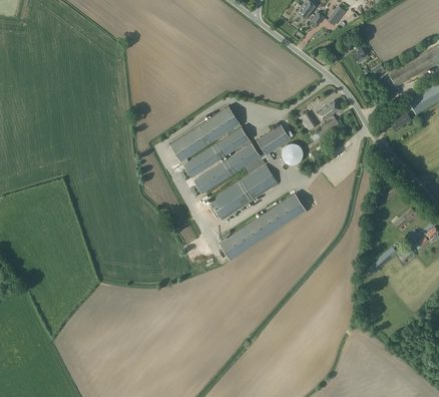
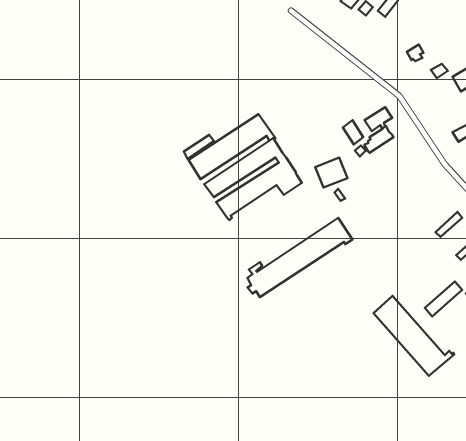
building: [257,124,290,157] -> none
building: [209,163,278,220] -> none
building: none -> [374,296,454,376]

